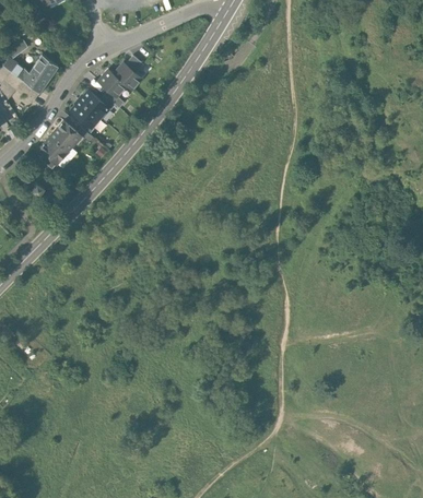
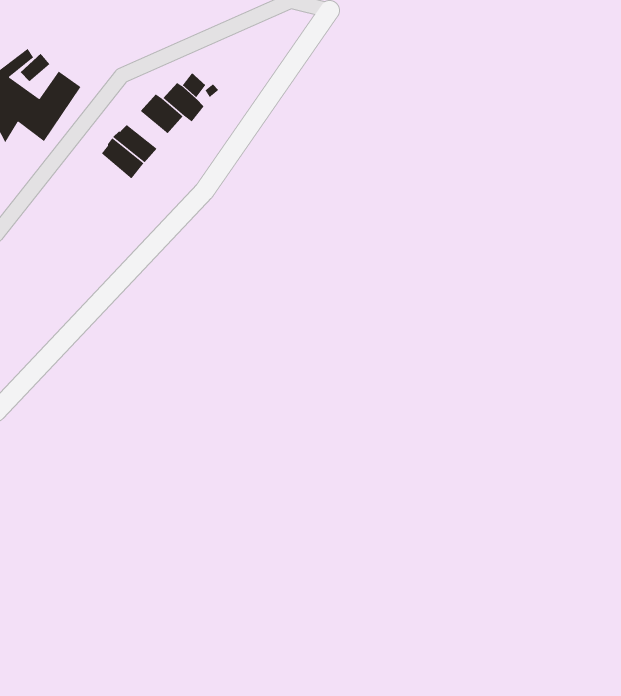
building: [39,121,82,164] -> none

